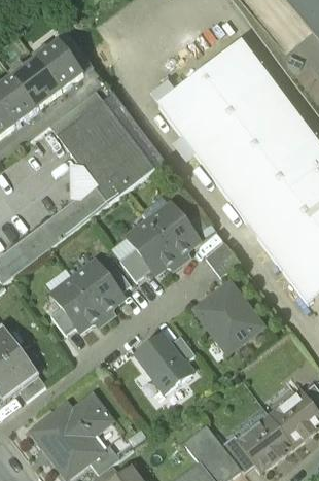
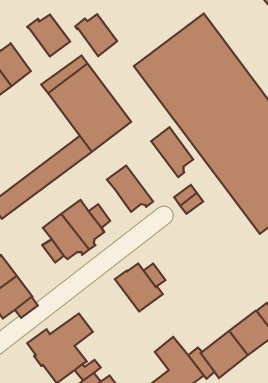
building: [10,60,60,109] -> [75,14,117,56]
building: [149,204,199,263] -> [151,127,193,177]
building: [119,248,151,281] -> none
building: [196,283,262,352] -> none

